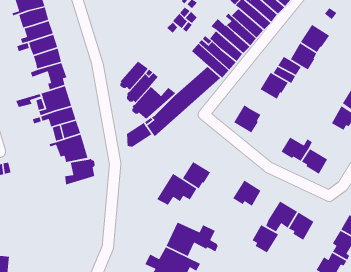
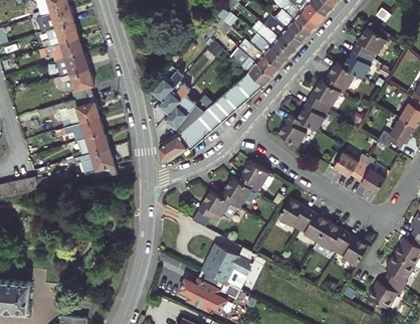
building: none -> [294,100,325,132]
building: none -> [237,161,270,193]
building: [64,158,95,186] -> none
building: [252,224,279,253] -> [297,210,328,242]

